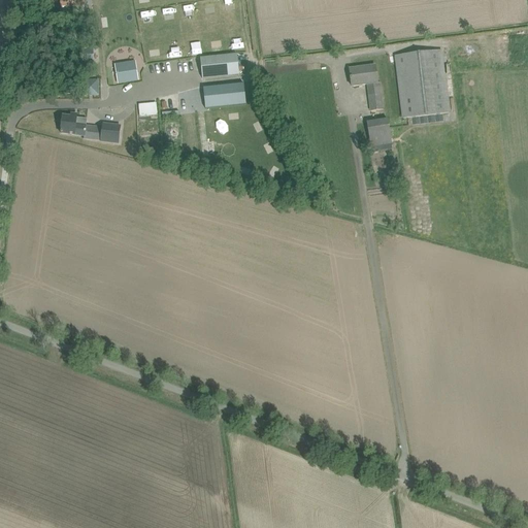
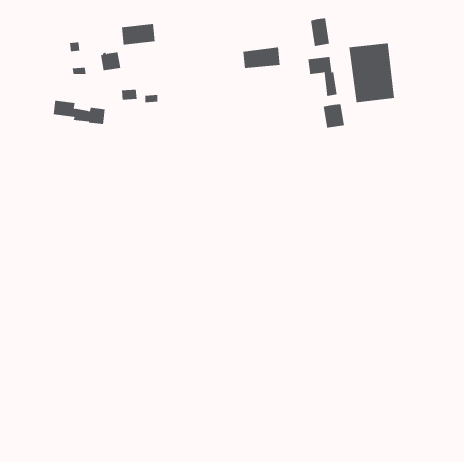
building: none -> [311,17,329,47]
building: [199,52,238,76] -> [121,23,156,45]
building: [202,79,245,104] -> [242,47,281,69]

